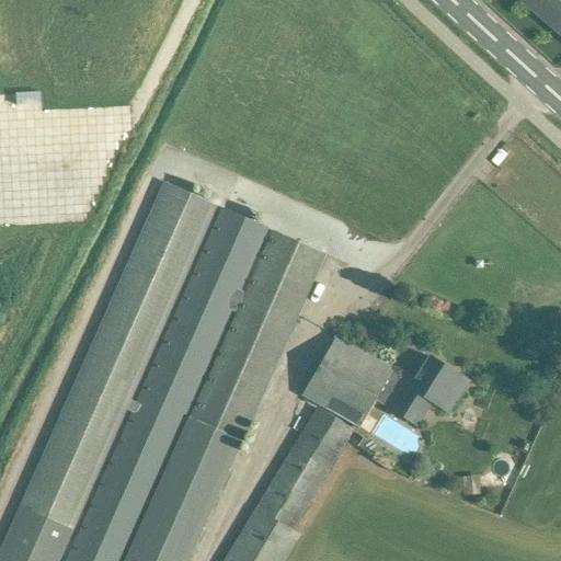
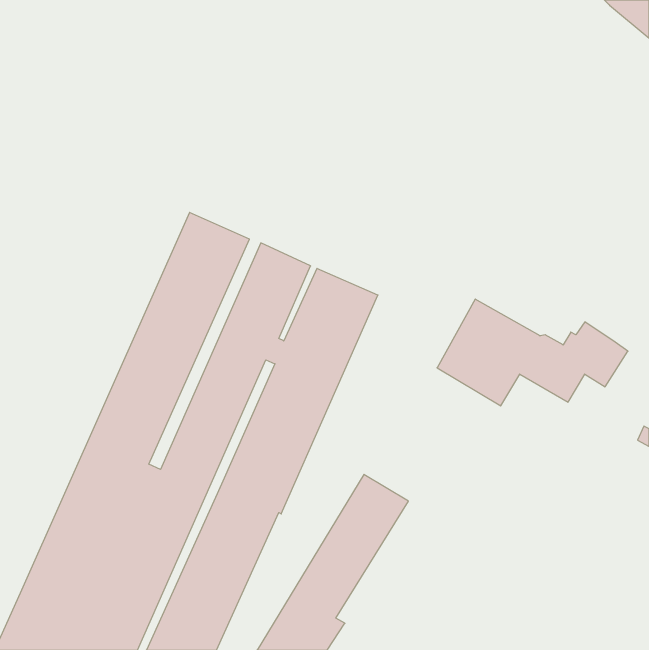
building: [304,337,468,430] -> [437,299,628,406]

